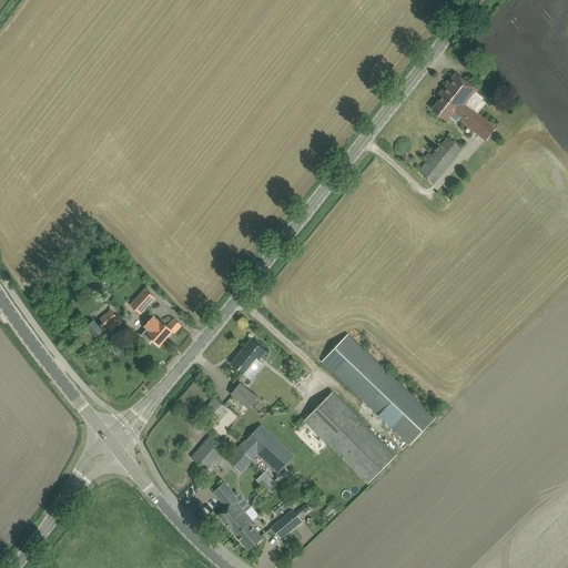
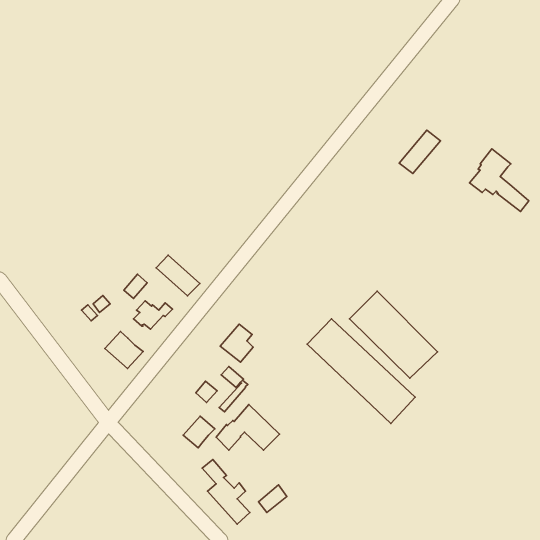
building: [432,73,494,139] -> [470,149,529,211]
building: none -> [156,255,200,296]
building: none -> [105,332,143,369]
building: [304,392,396,483] -> [350,291,437,378]

